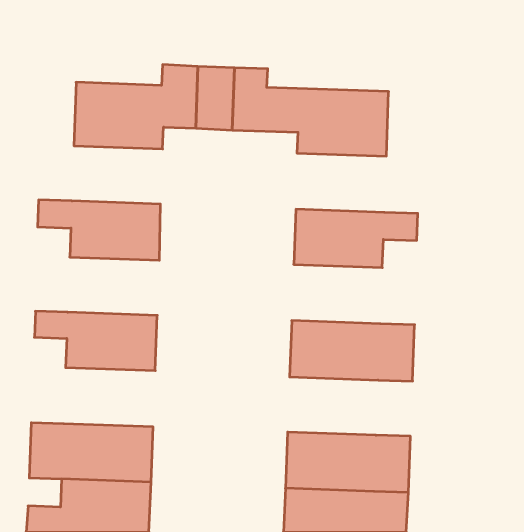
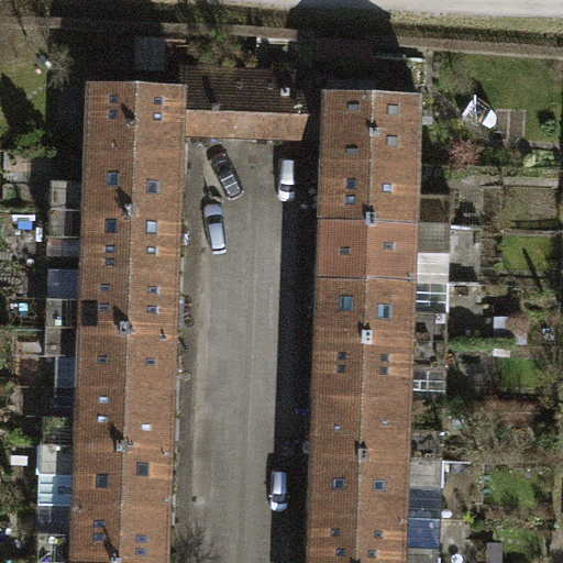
building: none -> [49,154,180,216]
building: none -> [321,162,451,225]
building: none -> [46,272,177,333]
building: none -> [317,279,448,343]
building: none -> [42,388,173,451]
building: none -> [312,398,443,461]

